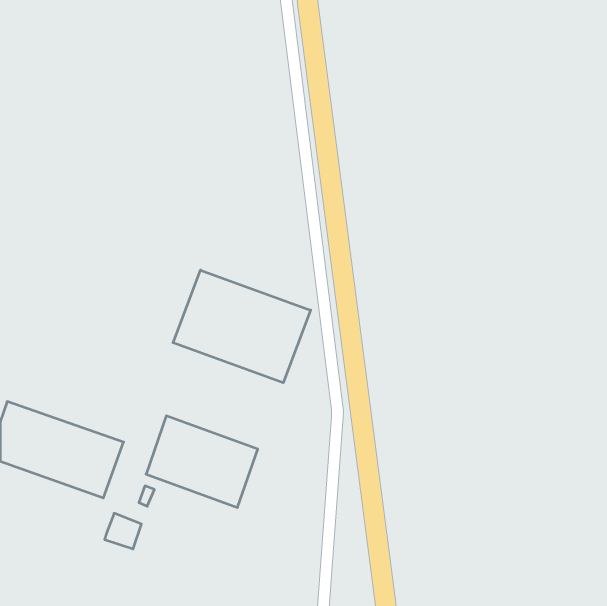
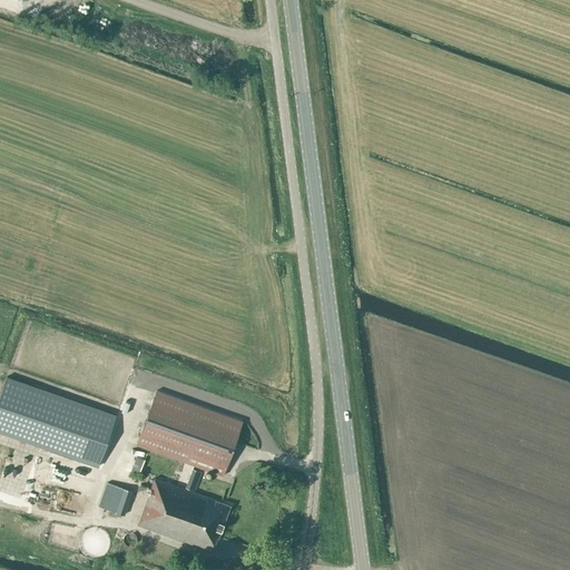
building: [173,270,311,383] -> none
building: none -> [137,479,229,551]

